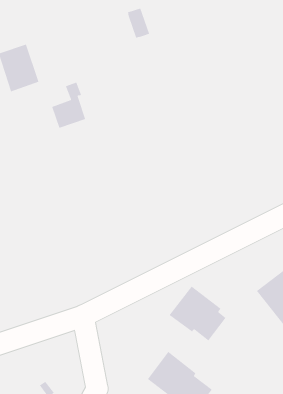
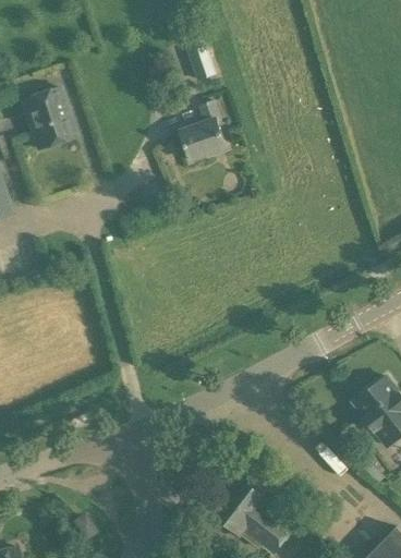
building: [51,82,86,129] -> [181,100,226,160]
building: [169,286,227,341] -> none

